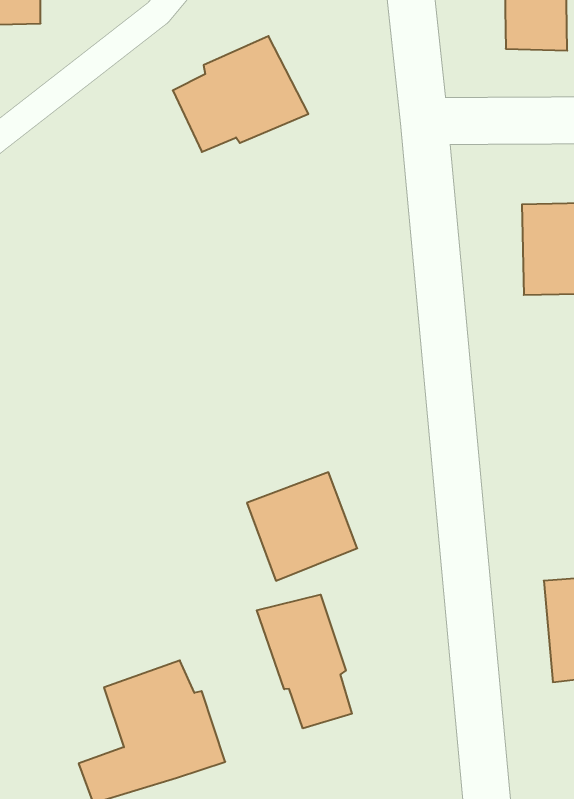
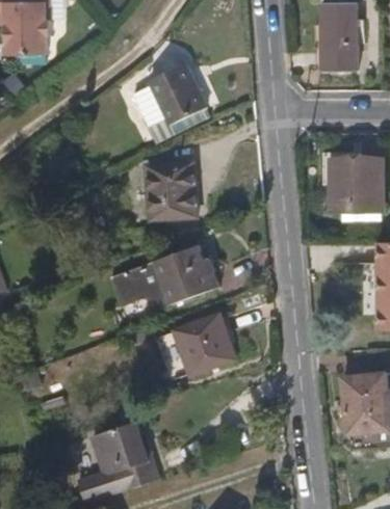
building: none -> [145,160,197,220]
building: none -> [110,244,219,311]
building: [257,595,352,728] -> none

